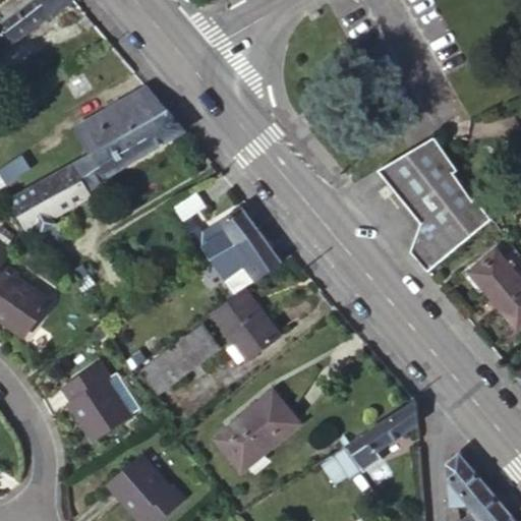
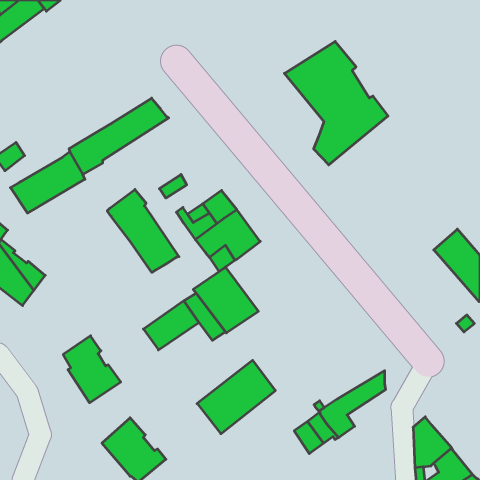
building: [58,85,164,163] -> none
building: [379,138,490,272] -> [284,41,388,165]
building: none -> [107,189,179,272]

